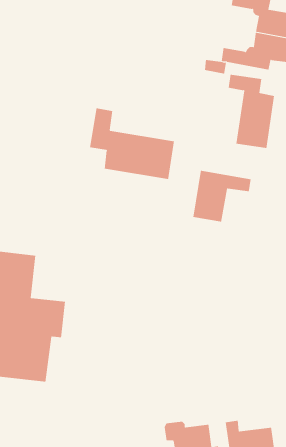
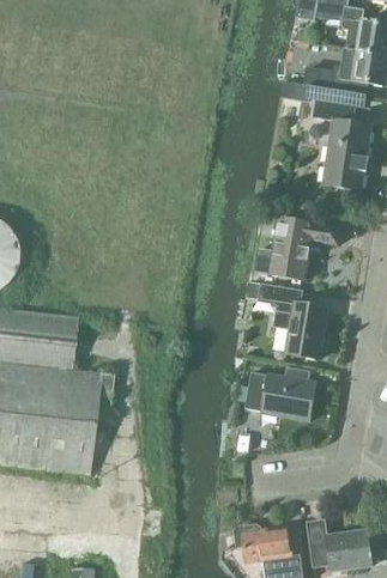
building: [90,108,175,180] -> none
building: none -> [258,281,326,358]
building: none -> [244,365,315,419]

